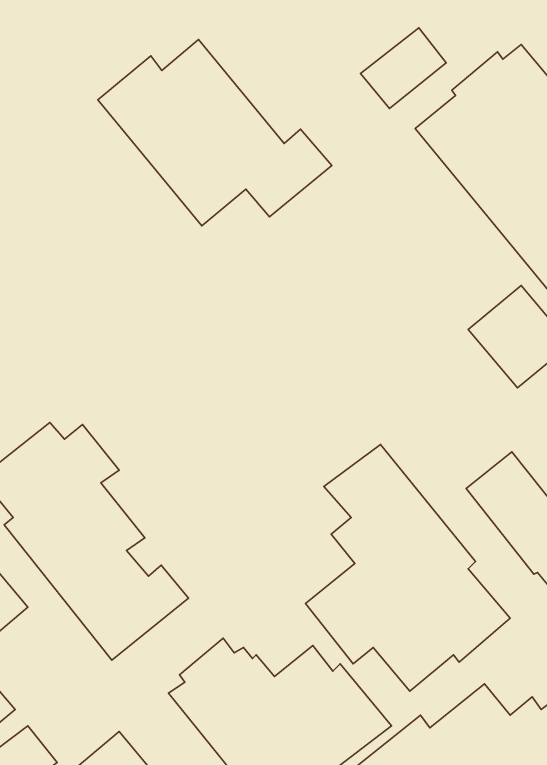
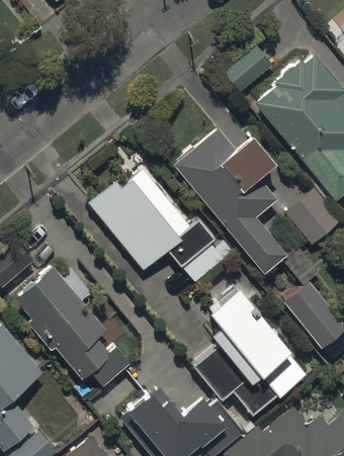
building: [98,39,332,226] -> [86,169,216,272]
building: none -> [173,126,286,272]

